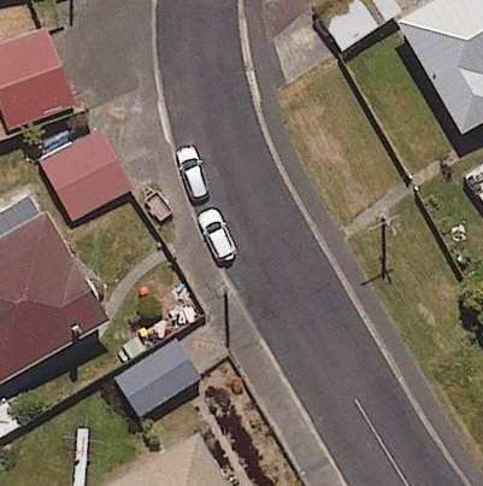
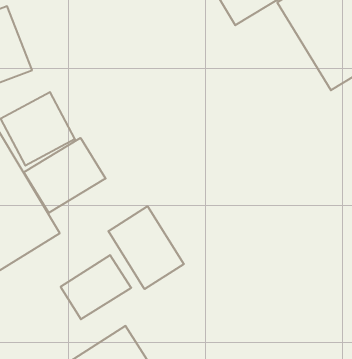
building: none -> [24,138,106,213]
building: none -> [108,206,184,289]

